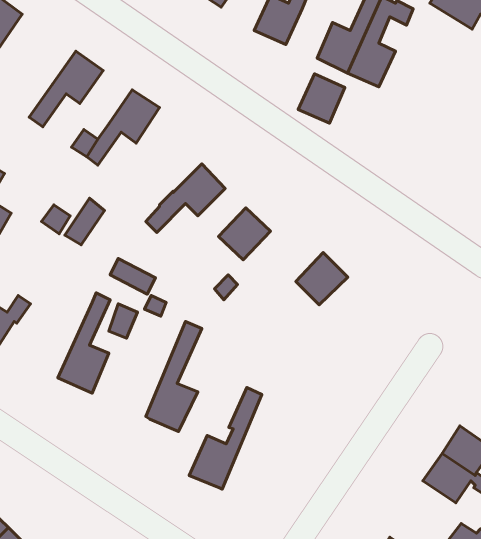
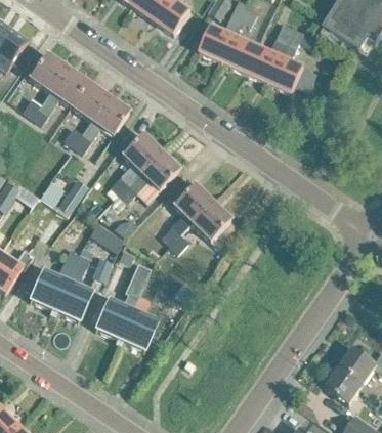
building: none -> [29,52,67,91]
building: none -> [70,81,109,121]
building: [298,74,345,123] -> [223,35,258,72]
building: none -> [110,133,161,193]
building: [296,253,348,305] -> [192,201,230,240]
building: none -> [29,250,79,310]
building: [189,388,262,489] -> [94,263,148,339]

